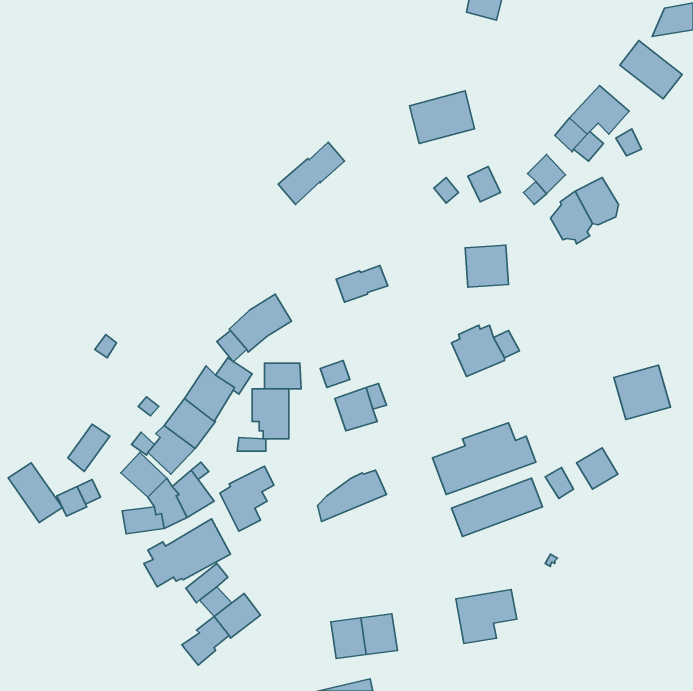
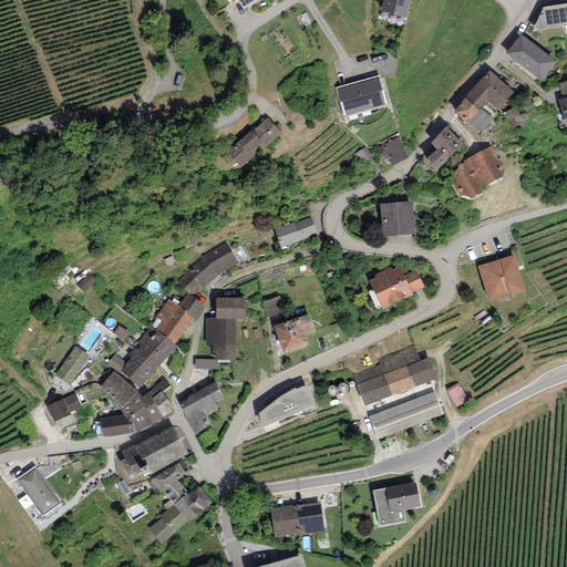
building: [614,365,671,419] -> [477,255,524,299]
building: [577,448,618,489] -> none
building: [8,463,62,522] -> [17,466,61,515]

